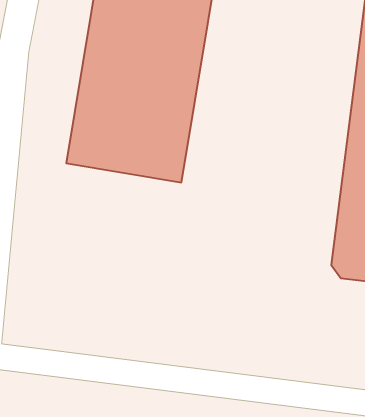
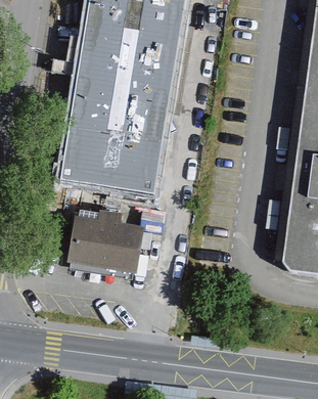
building: none -> [70,221,143,272]

